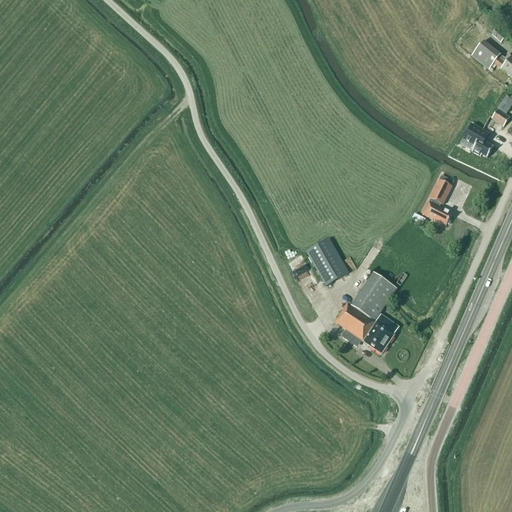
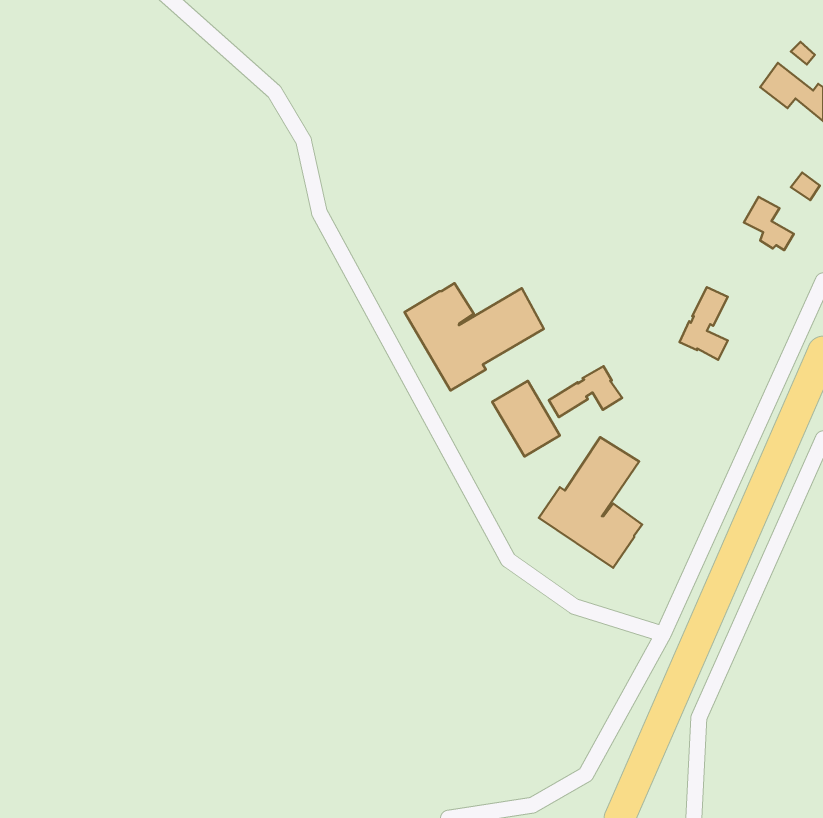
building: none -> [404,283,544,391]
building: none -> [549,366,622,417]

